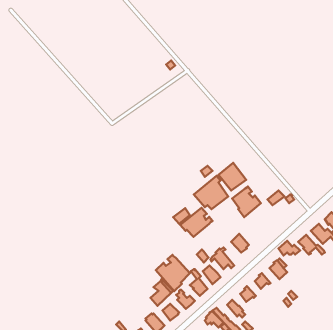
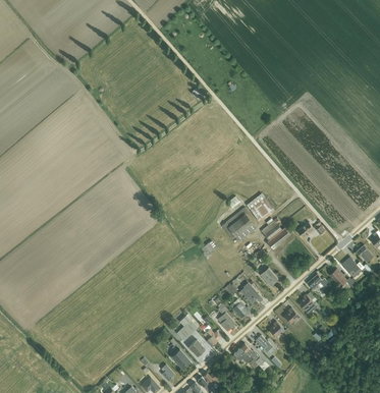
building: [180,208,212,237] -> none
building: [156,255,190,291] -> none

